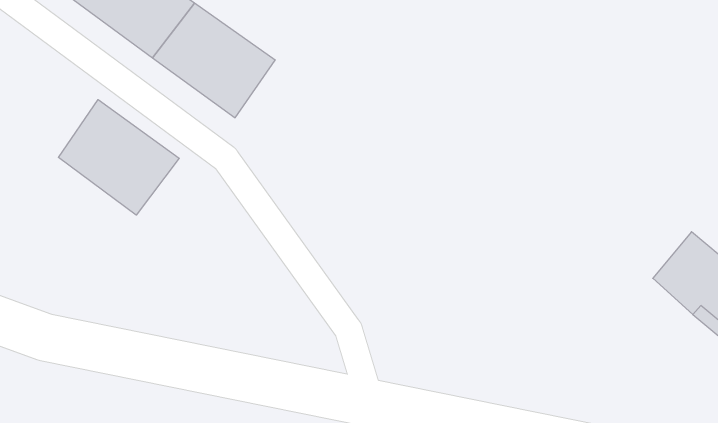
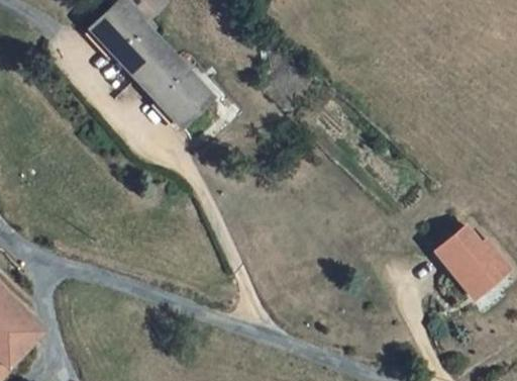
building: [58,100,179,215] -> none

